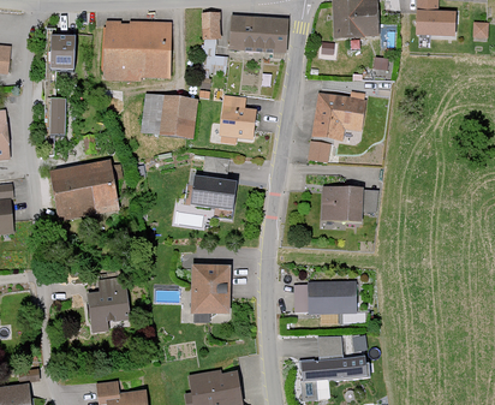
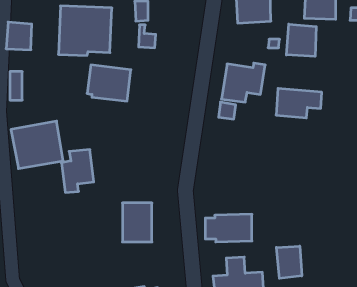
building: [231,16,288,56] -> none
building: none -> [286,24,316,56]
building: [220,94,257,143] -> none
building: [193,174,239,209] -> none
building: [322,185,380,222] -> [276,88,322,118]
building: [85,280,126,334] -> [61,150,94,192]
building: none -> [276,246,302,278]

